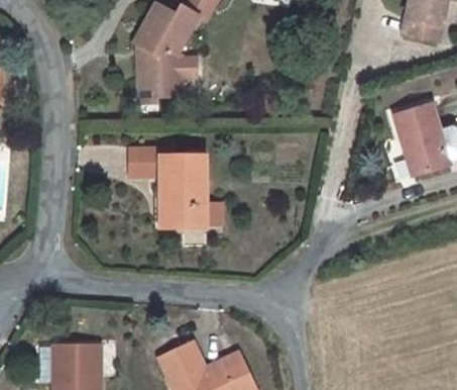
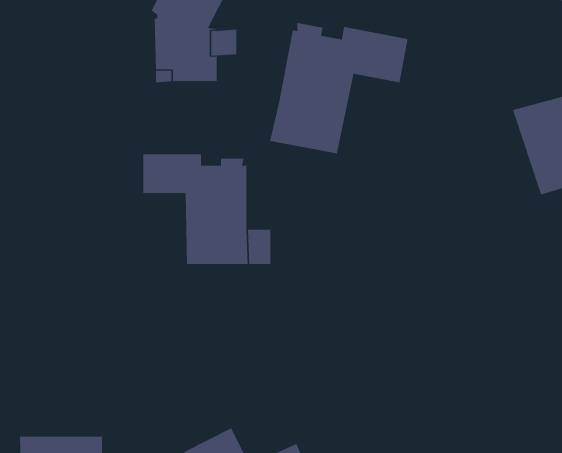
building: none -> [270,22,408,154]

